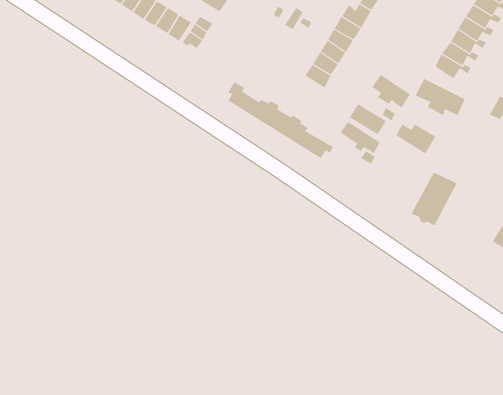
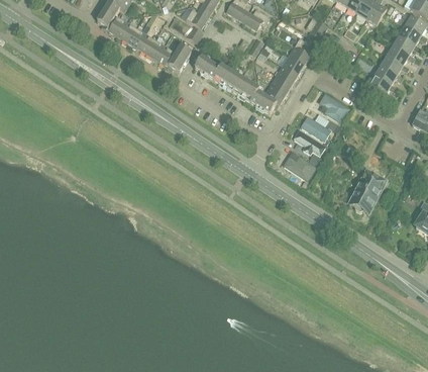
building: [415,78,466,116] -> none
building: [228,81,334,159] -> [195,52,280,113]
building: [396,124,436,154] -> [283,155,315,179]

